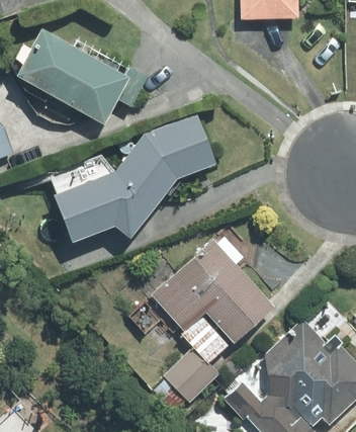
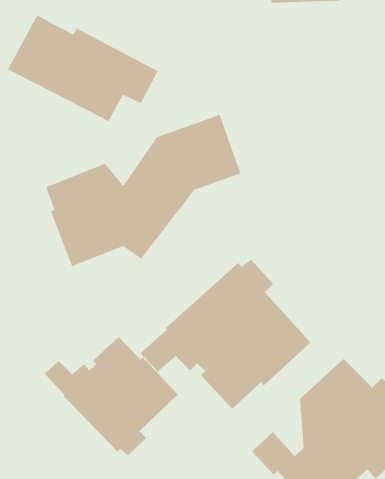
building: none -> [44,336,179,456]
building: [164,347,218,402] -> none

